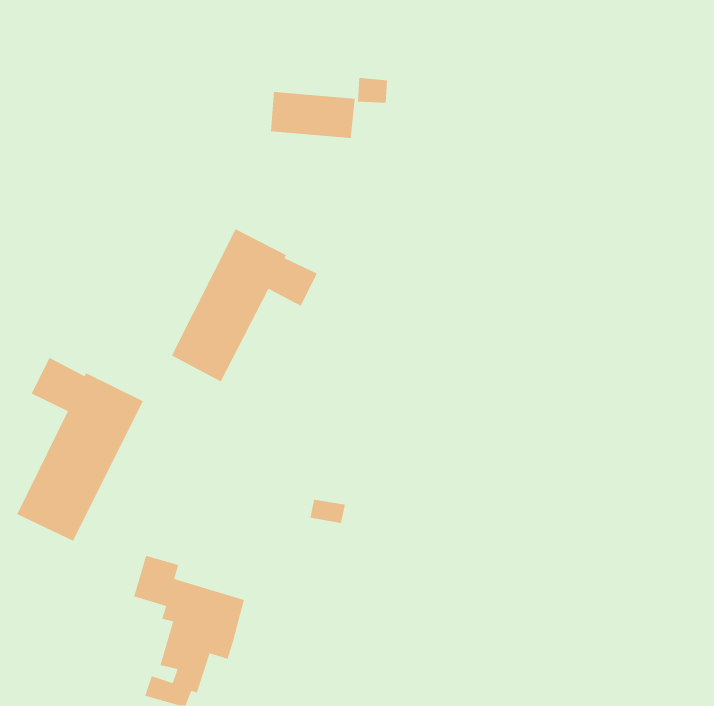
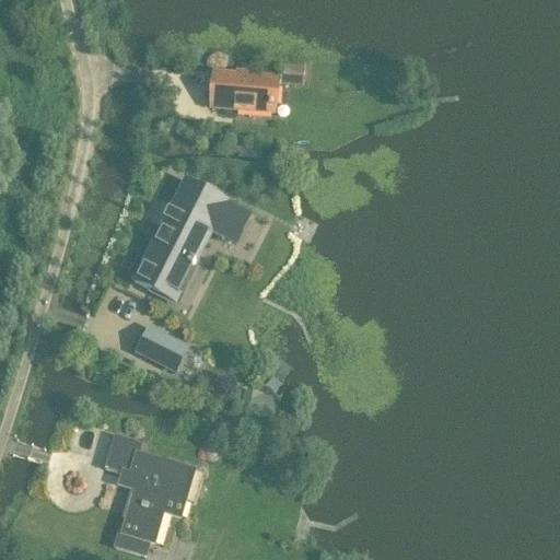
building: [16,357,144,542] -> none
building: none -> [133,325,186,369]

